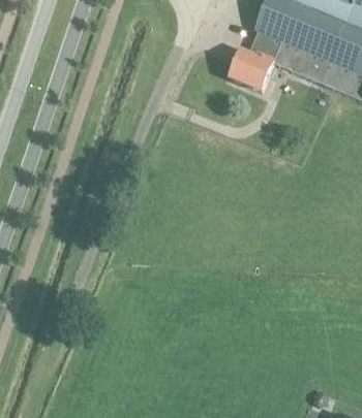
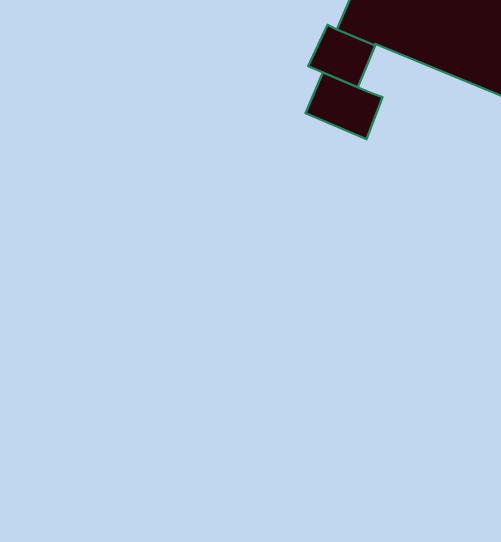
building: none -> [305,72,382,139]

